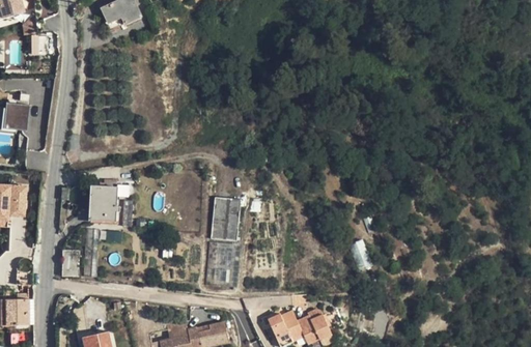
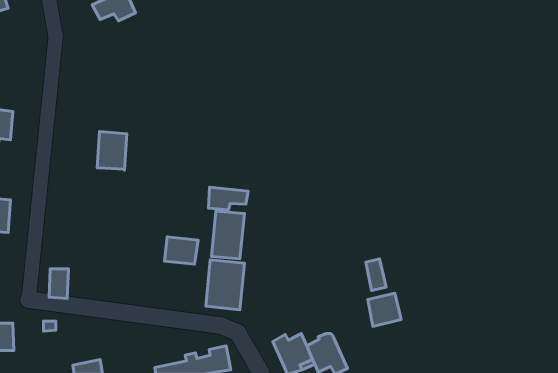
building: none -> [209,187,248,210]
building: [89,185,116,221] -> [97,132,127,170]
building: none -> [165,237,198,264]
building: none -> [368,293,401,326]

